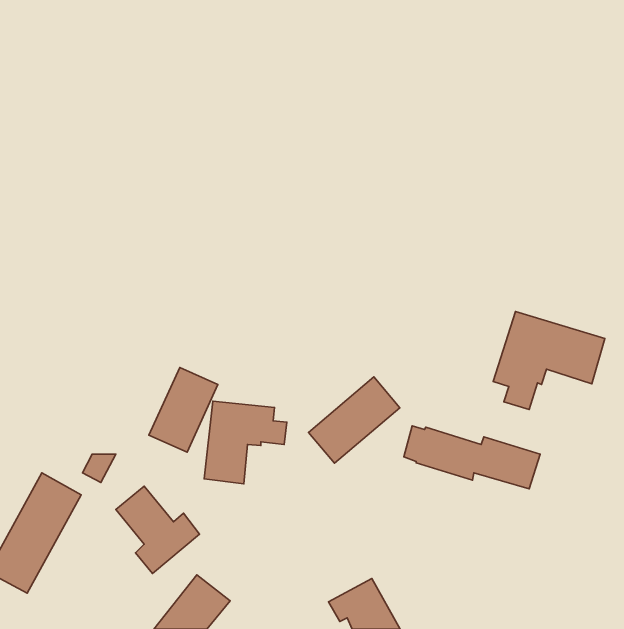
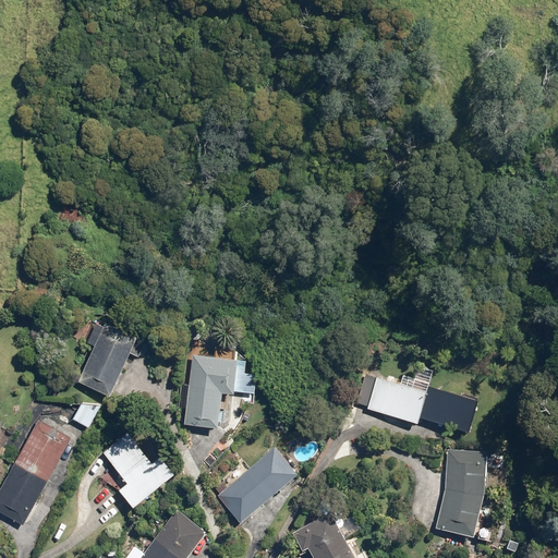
building: [493,311,605,410] -> none
building: [149,367,218,452] -> [80,320,141,396]
building: [309,377,400,463] -> [216,447,296,523]
building: none -> [435,451,487,537]

